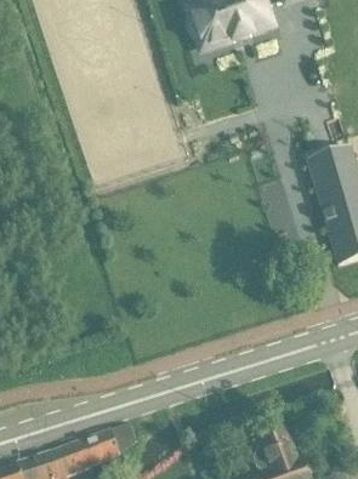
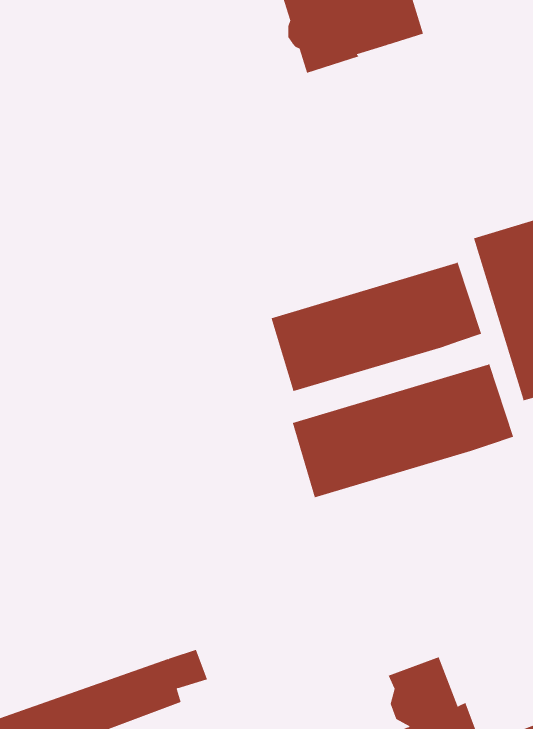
building: none -> [271,261,482,392]
building: none -> [292,363,514,498]

